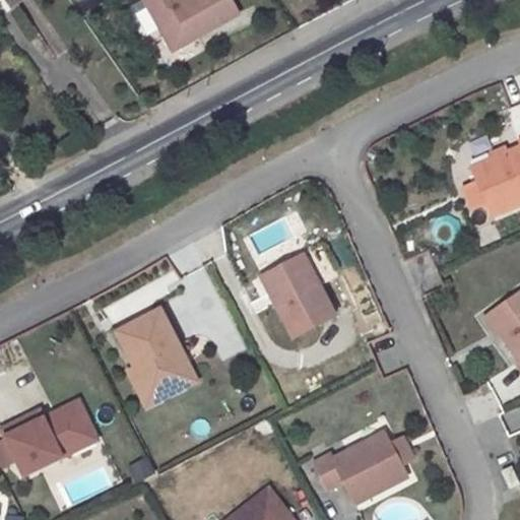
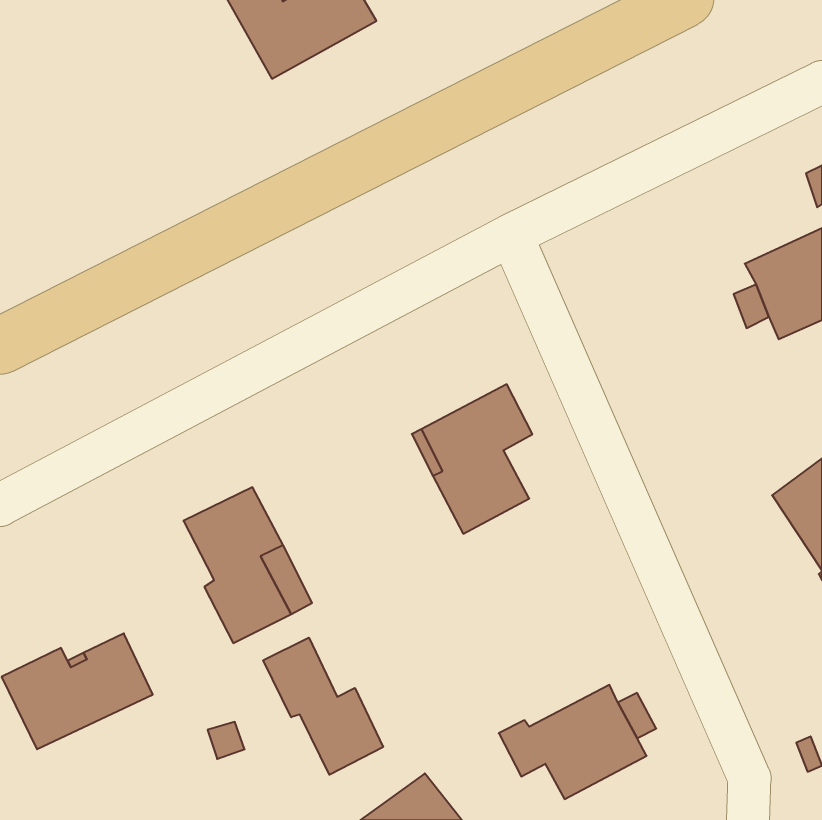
building: none -> [263,638,383,775]

